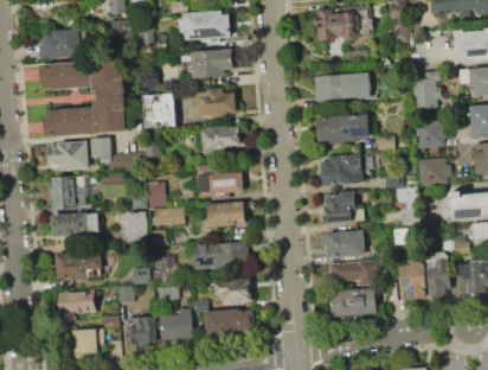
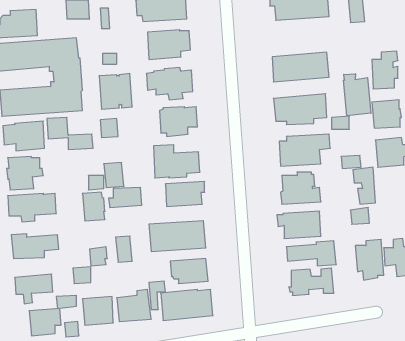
building: none -> [343,74,371,116]

